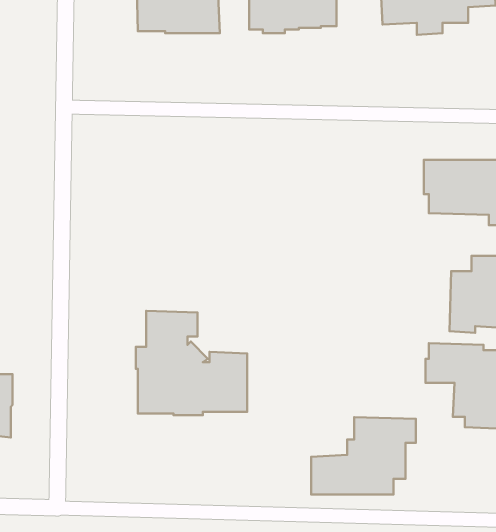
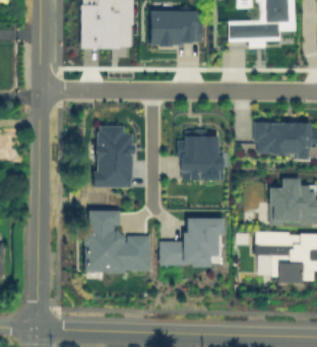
building: none -> [91,126,133,187]
building: none -> [176,130,221,180]
building: [311,417,416,494] -> [158,219,220,265]

